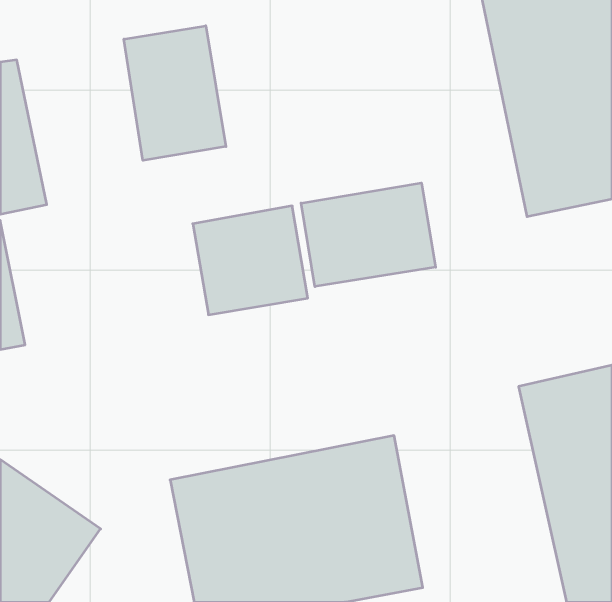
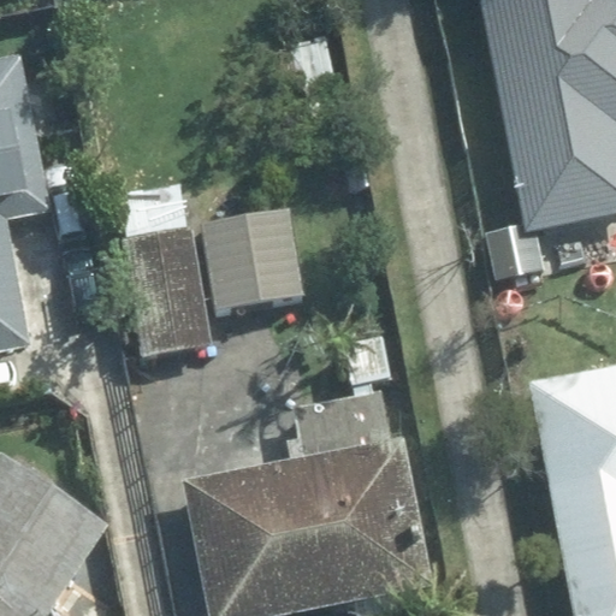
building: [124,26,226,160] -> none
building: none -> [117,177,211,361]
building: [301,183,436,287] -> none

